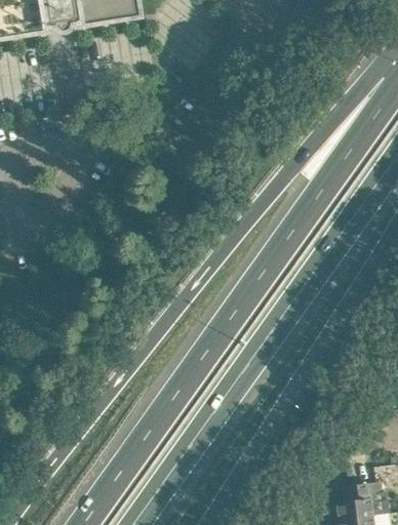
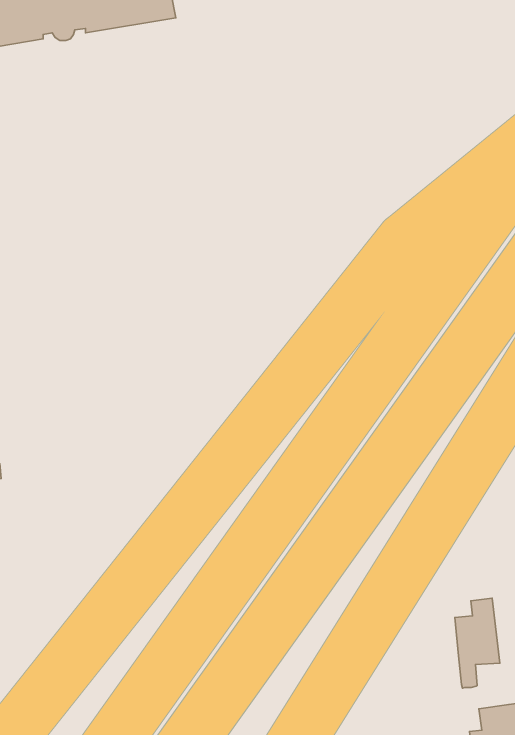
building: none -> [455,598,500,688]

